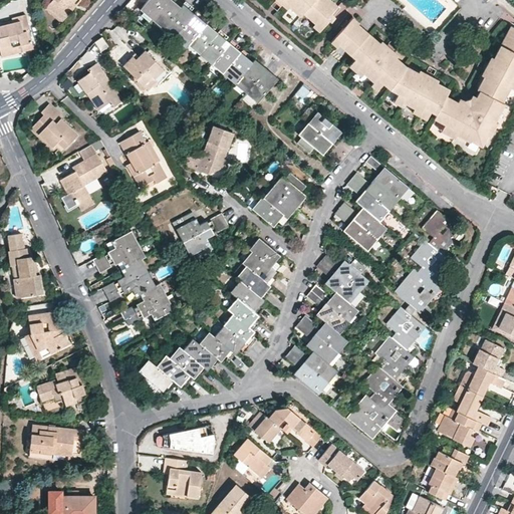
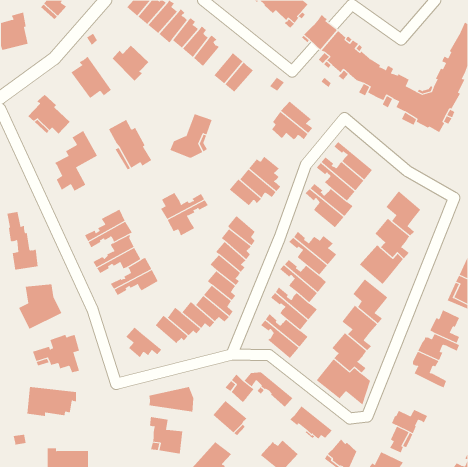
building: [223,49,252,83] -> none
building: [156,354,194,387] -> none
building: [439,410,480,447] -> none

